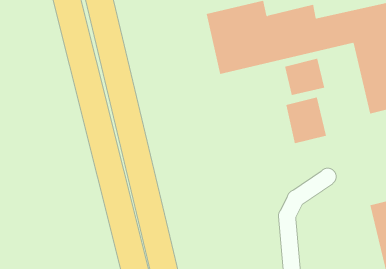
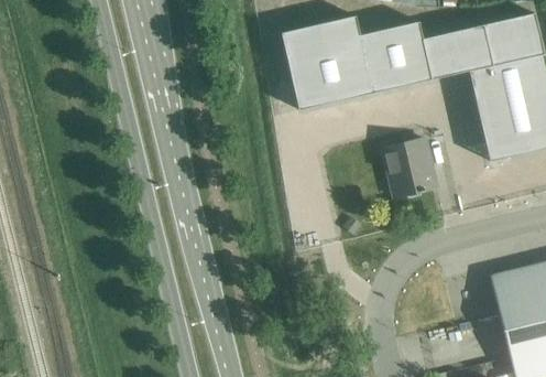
building: [285,58,325,96] -> none

